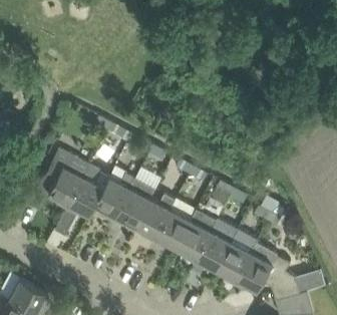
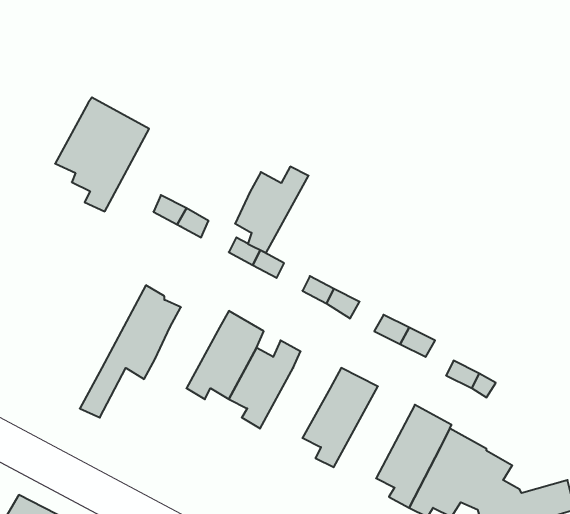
building: [39,146,90,209] -> [55,97,149,211]
building: [95,173,135,220] -> [235,167,309,253]
building: [152,209,191,247] -> none
building: [193,218,237,269] -> none

